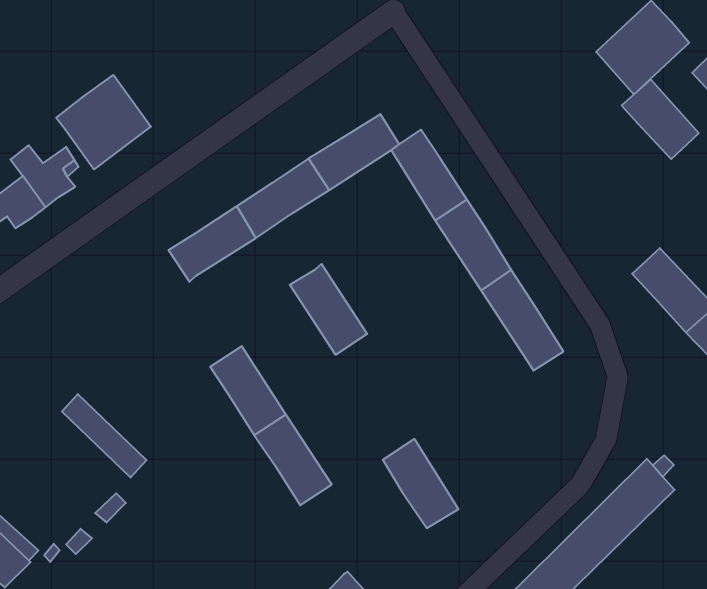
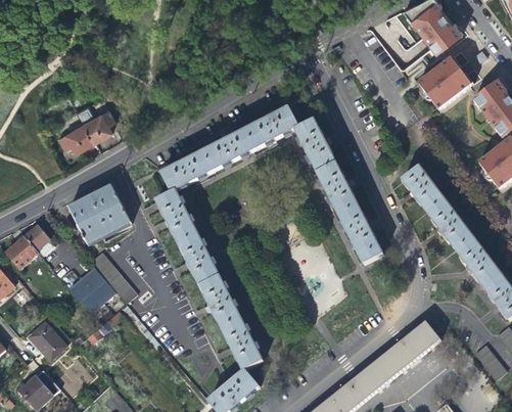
building: [56,75,151,169] -> none
building: [622,79,699,159] -> [402,166,445,213]
building: [290,264,367,355] -> [156,189,198,242]
building: none -> [69,185,130,243]
building: none -> [68,266,114,312]
building: [383,439,459,528] -> [223,317,264,369]

